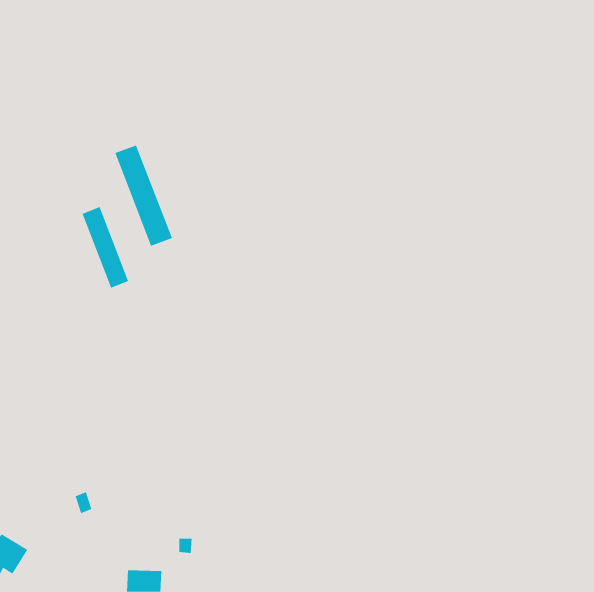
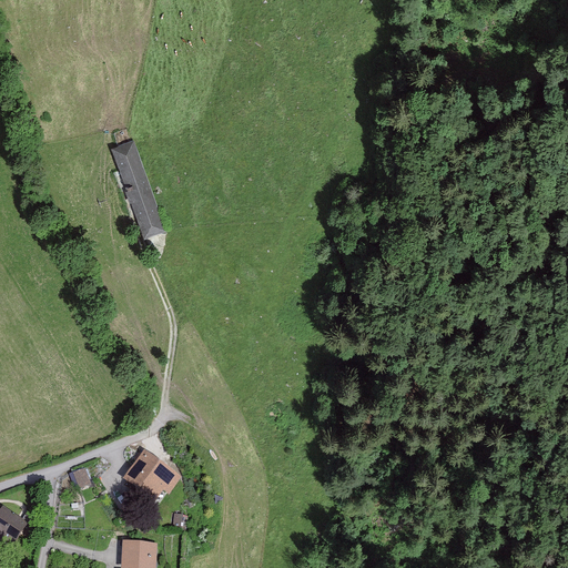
building: [82,206,129,289] -> none
building: none -> [124,450,179,500]

